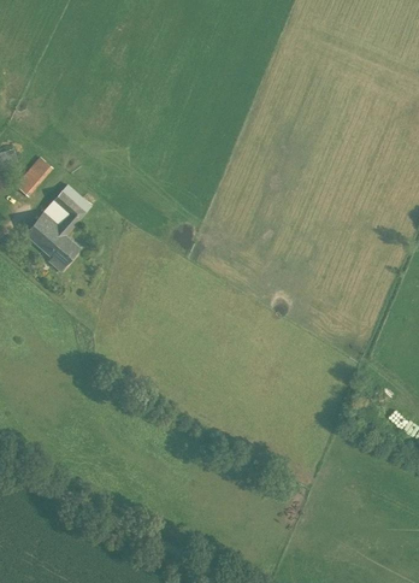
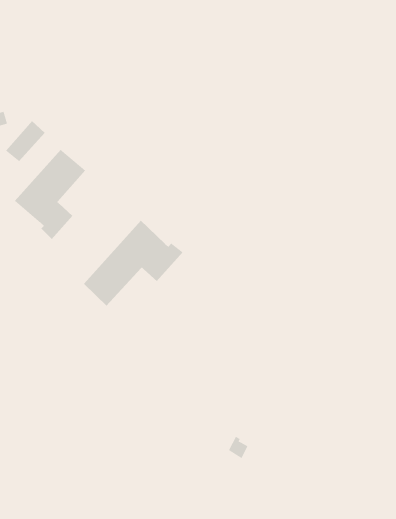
building: none -> [83,220,184,306]

